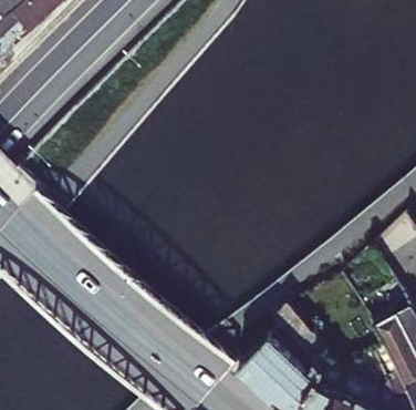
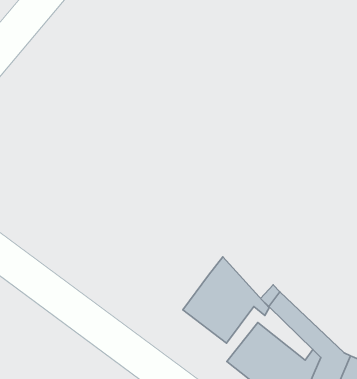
building: none -> [183,257,269,343]

